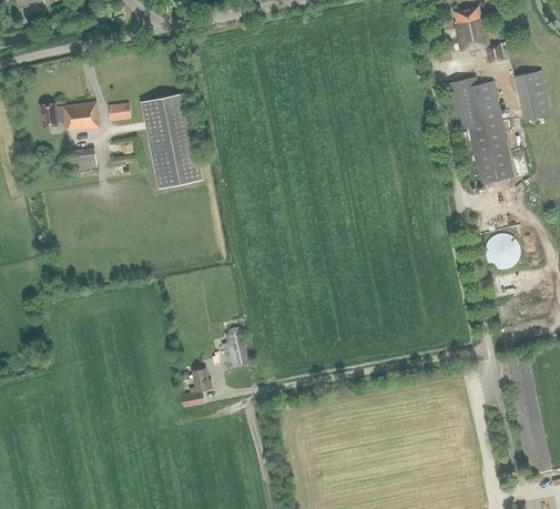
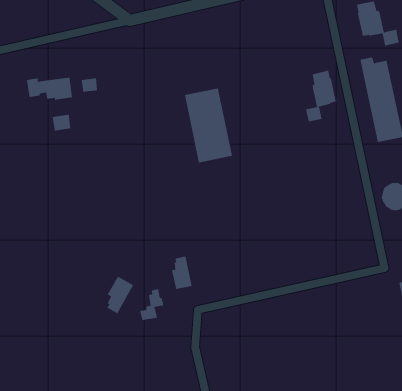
building: none -> [305,70,336,122]
building: [140,93,201,187] -> [184,88,233,163]
building: none -> [107,276,134,314]

